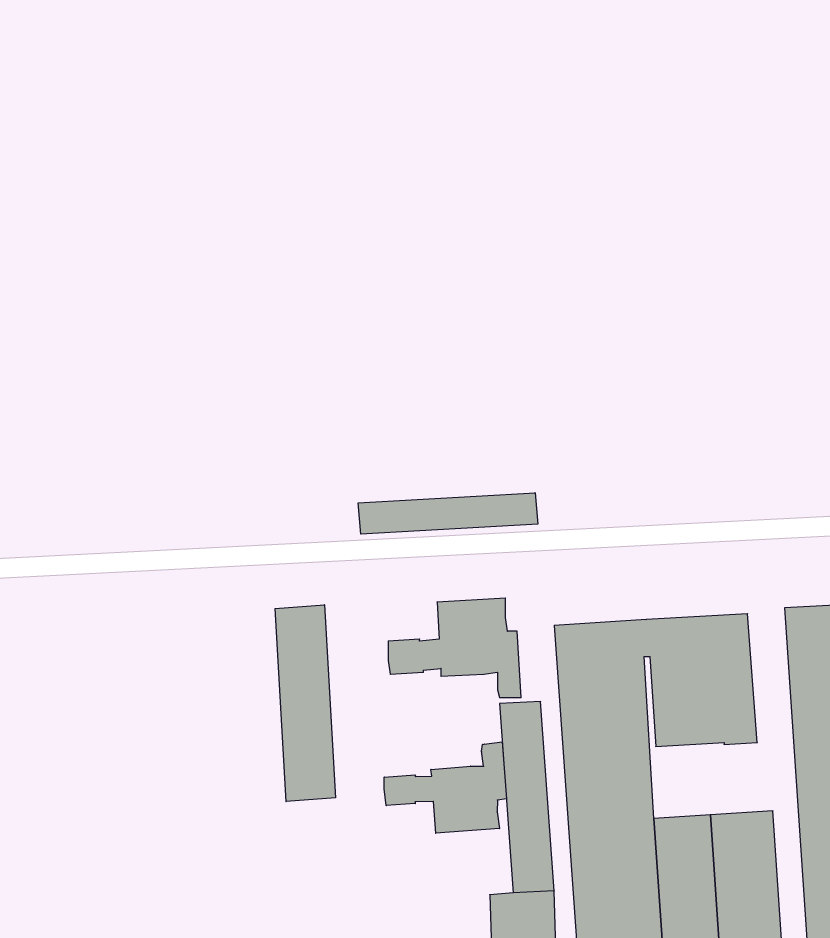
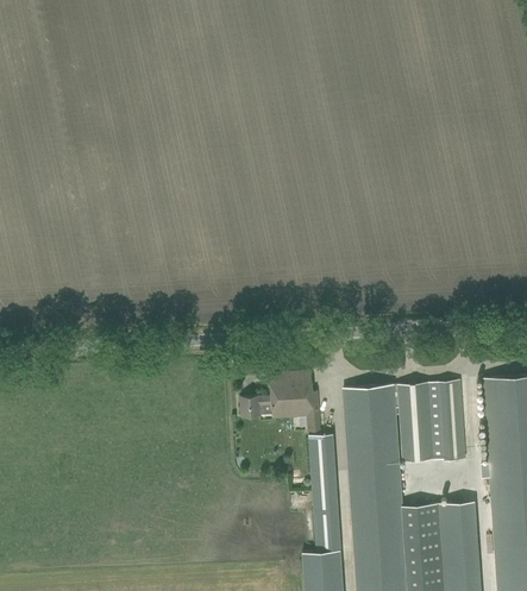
building: [358,493,538,534] -> none
building: [275,605,335,802] -> none
building: [384,742,506,833] -> none

